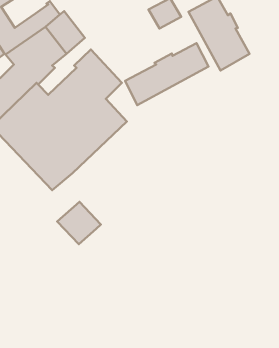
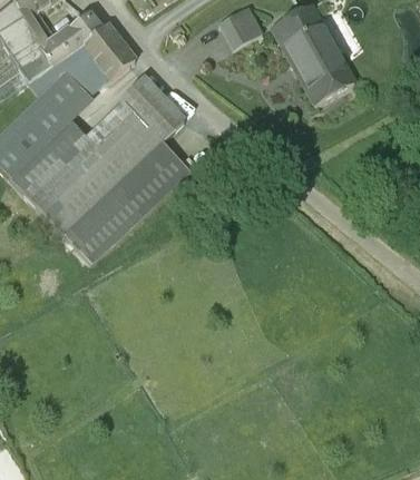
building: [125,43,208,105] -> none
building: [57,202,101,244] -> none

